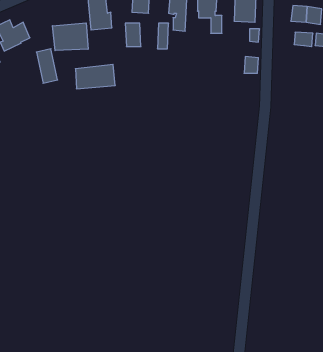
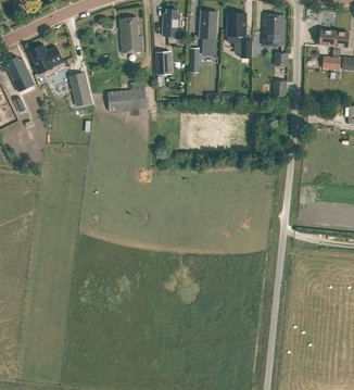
building: [52,23,88,51] -> none

